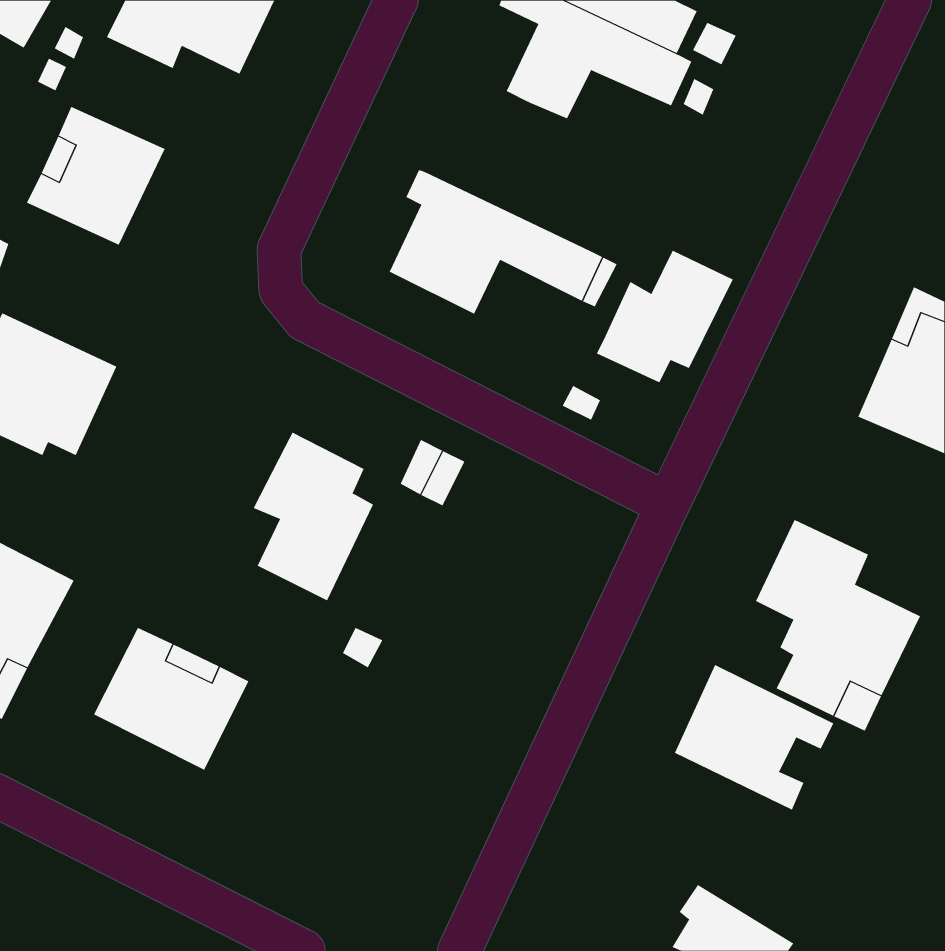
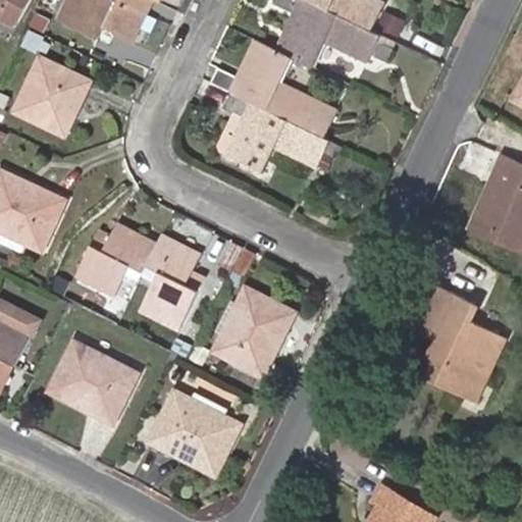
building: none -> [210,40,335,138]
building: [596,250,734,383] -> none
building: none -> [74,224,156,296]
building: none -> [213,289,293,375]
building: [674,664,834,810] -> none
building: none -> [150,393,239,473]

